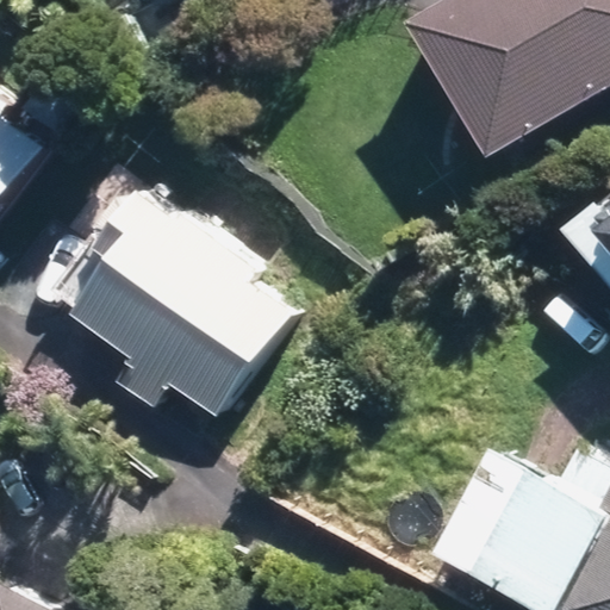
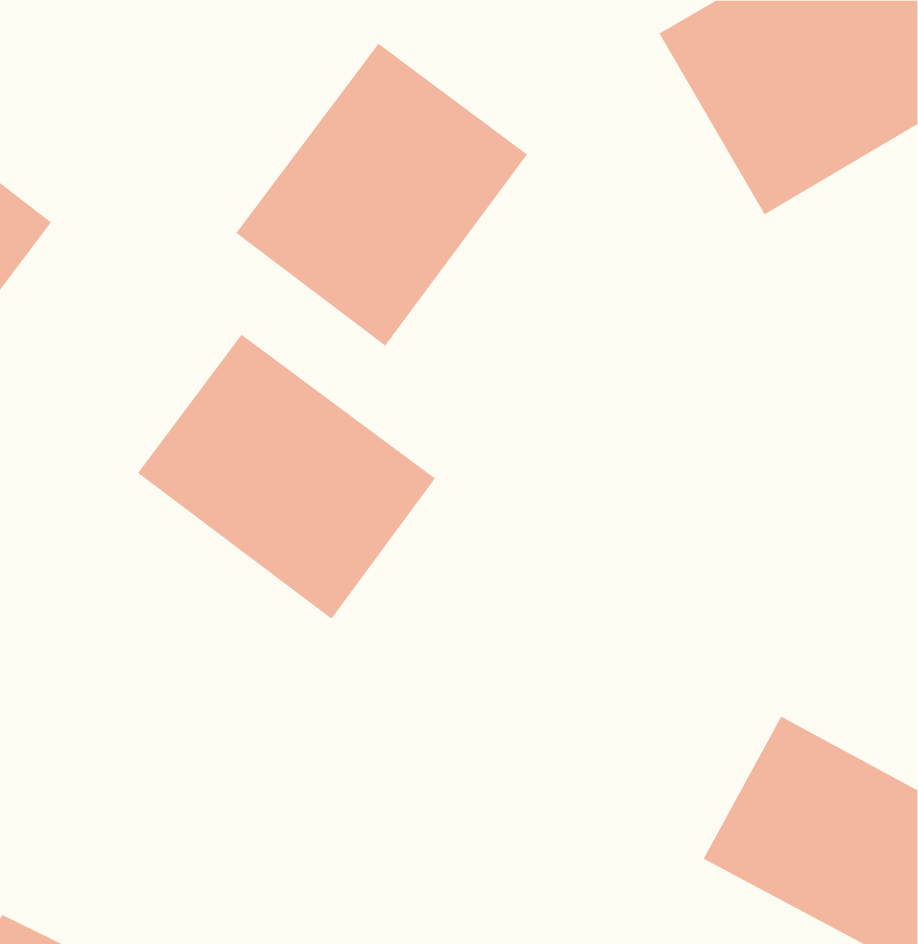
building: none -> [235,43,528,347]

